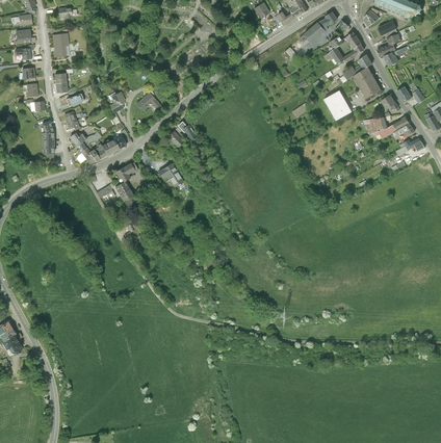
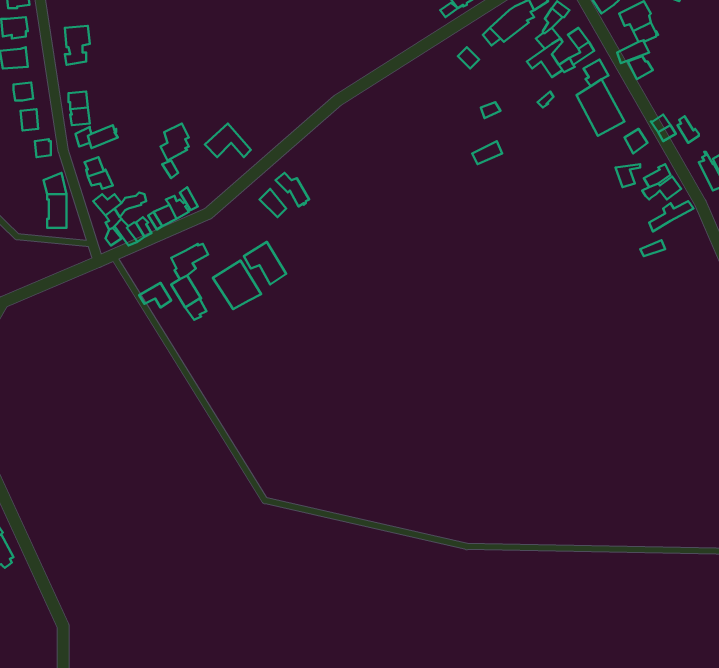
building: [325,90,352,120] -> none
building: none -> [213,261,261,309]

